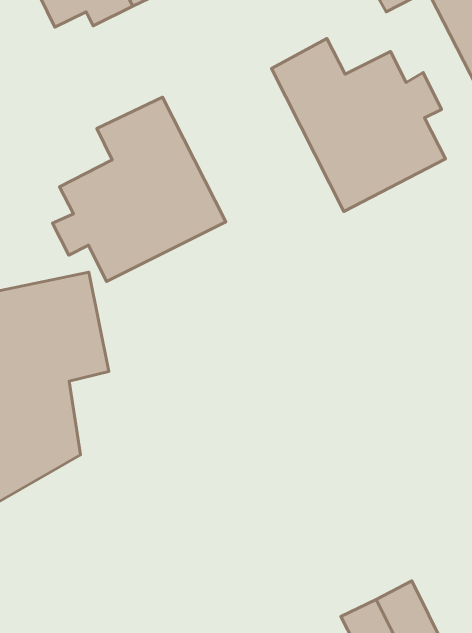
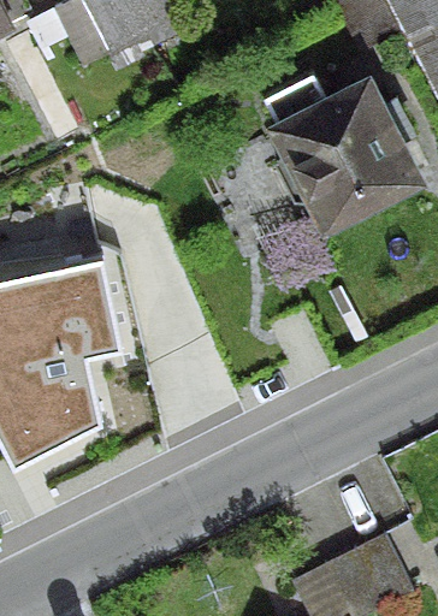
building: [53,97,226,281] -> none

